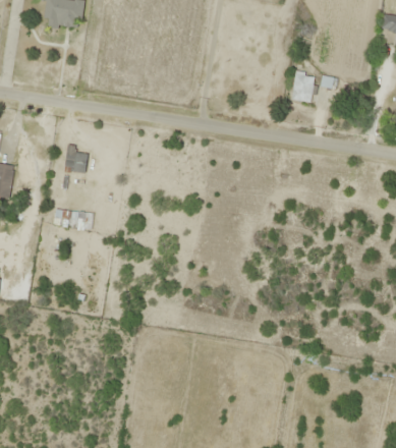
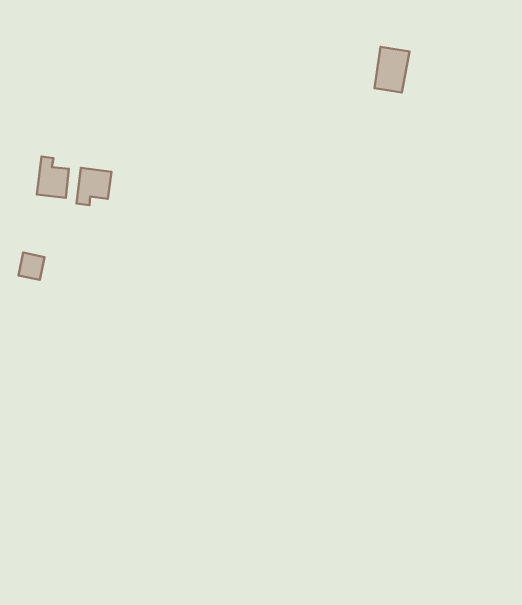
building: none -> [77,168,111,205]

